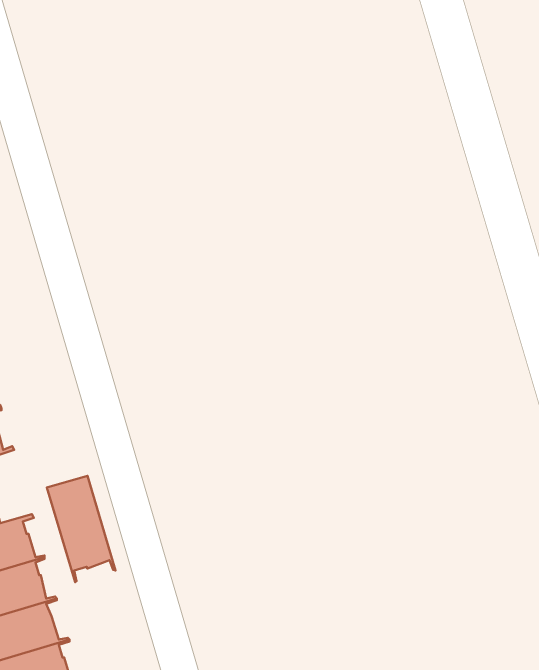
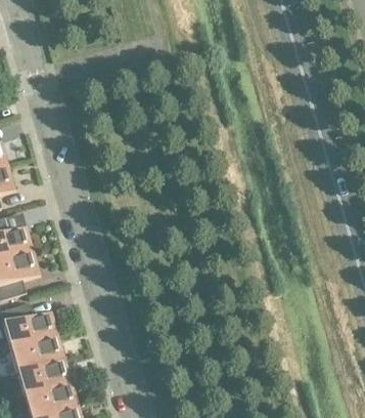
building: [47,476,116,582] -> none

